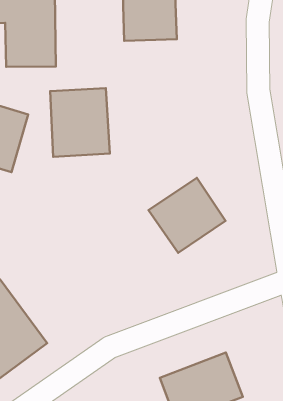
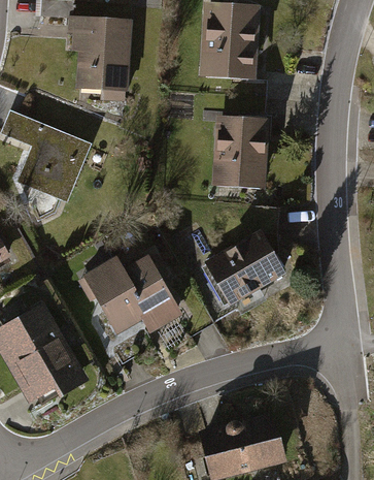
building: [50,88,110,157] -> [208,123,270,194]
building: none -> [81,255,182,343]

